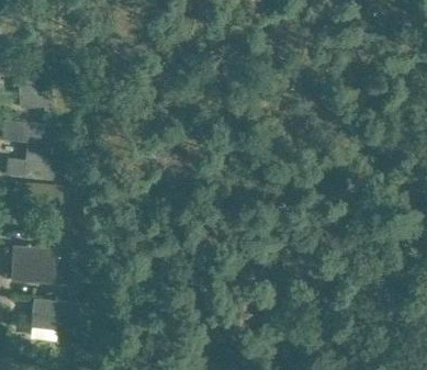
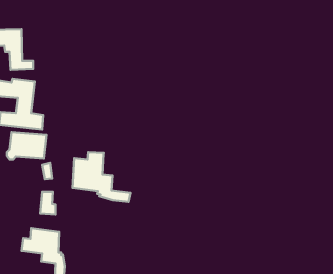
building: none -> [73,152,130,202]
building: [12,246,54,281] -> none

